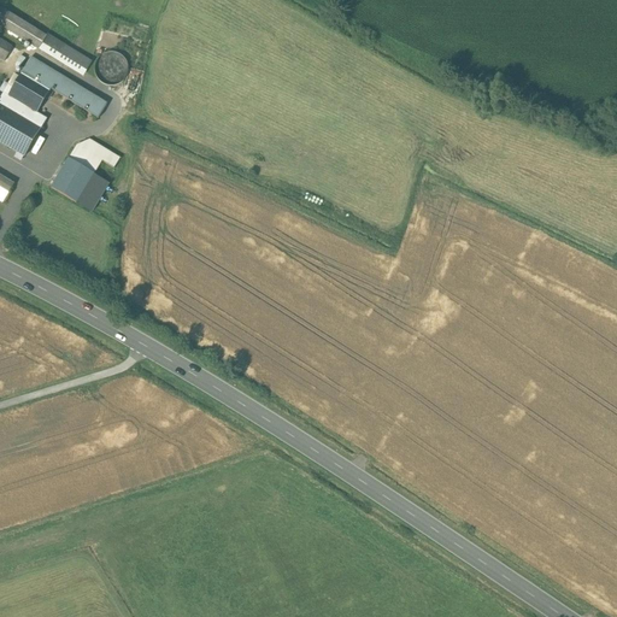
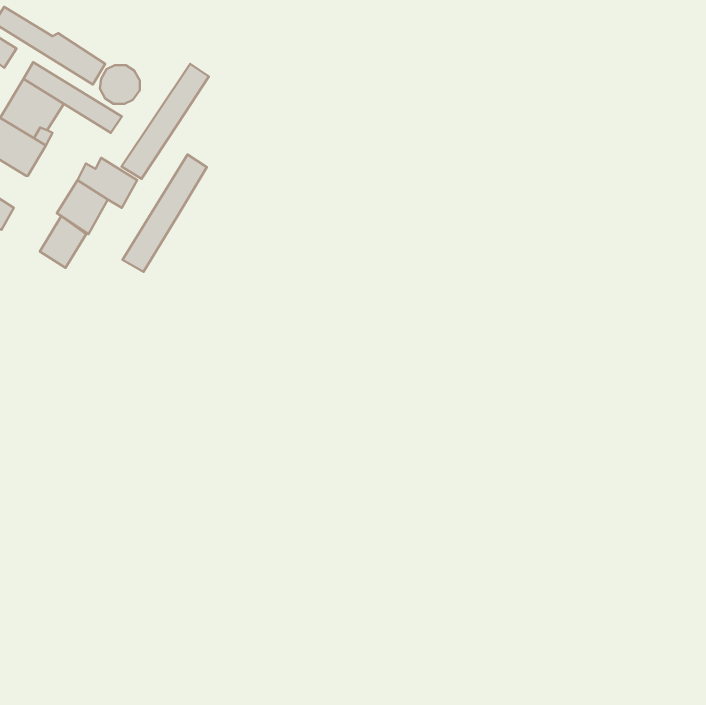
building: none -> [122,64,209,179]
building: none -> [122,154,207,272]
building: none -> [40,216,86,268]

